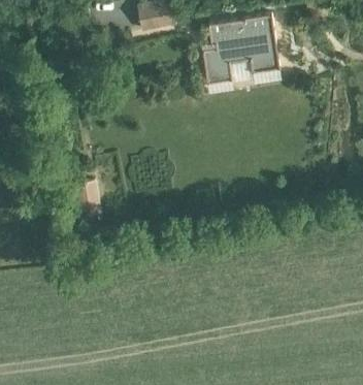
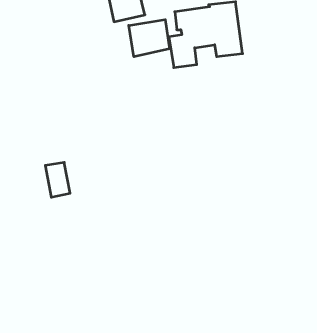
building: none -> [129,20,170,57]

